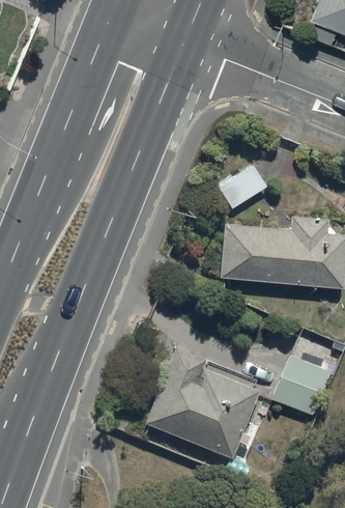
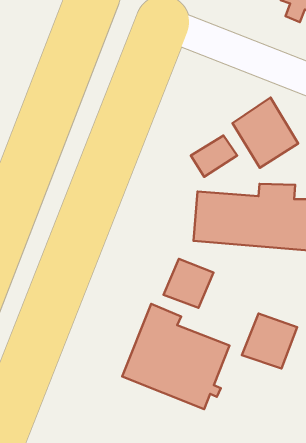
building: none -> [233,98,298,168]
building: none -> [164,259,213,308]

